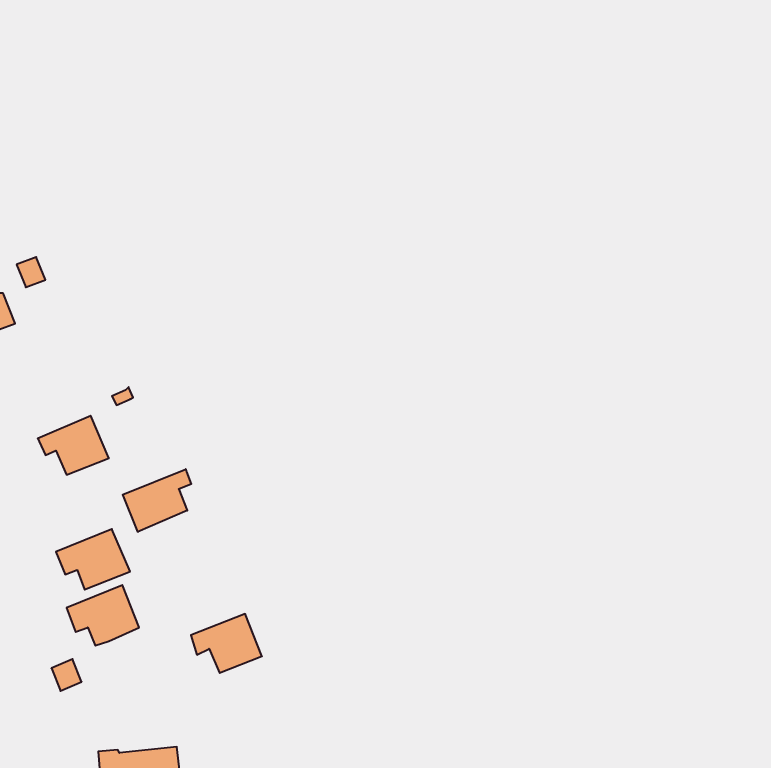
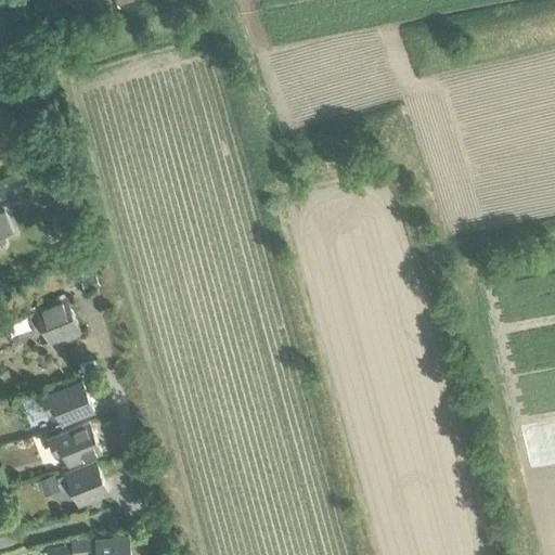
building: [123,469,191,532] -> none
building: [191,614,262,673] -> [56,464,107,506]

